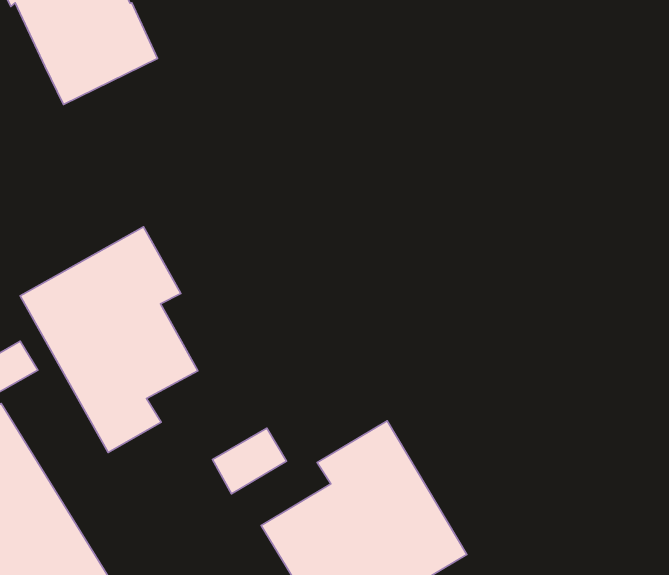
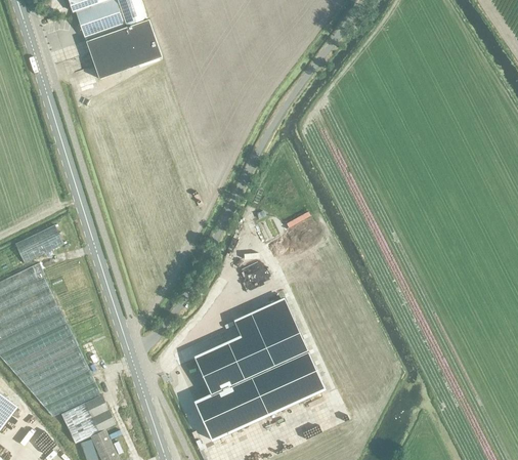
building: [20,227,198,452] -> none
building: [213,428,286,494] -> none

